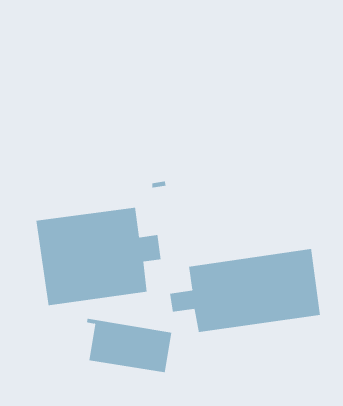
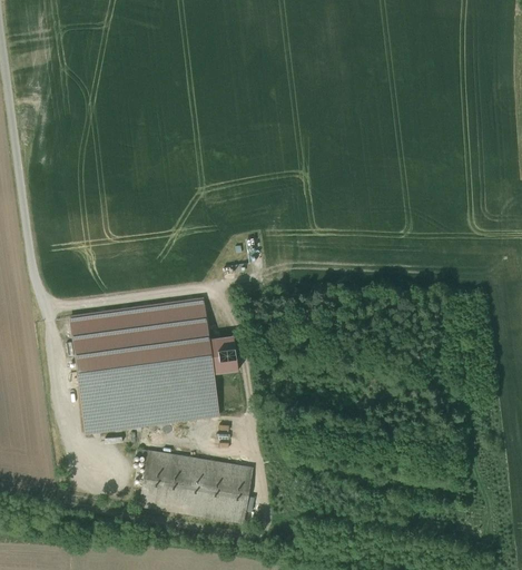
building: [170,248,321,333] -> none

